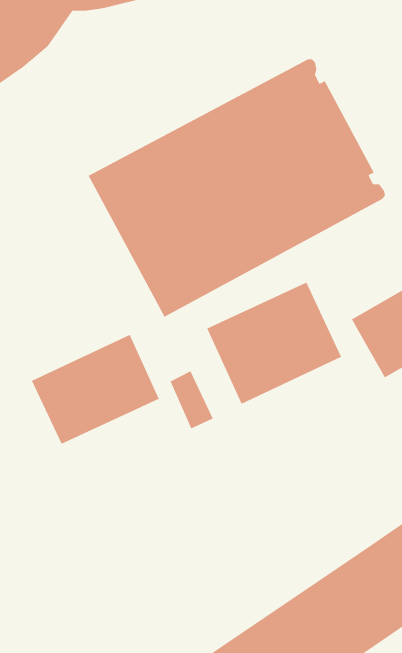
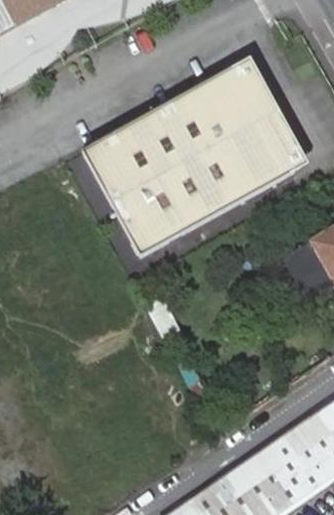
building: [206,282,342,405] -> none
building: [31,334,160,445] -> none

